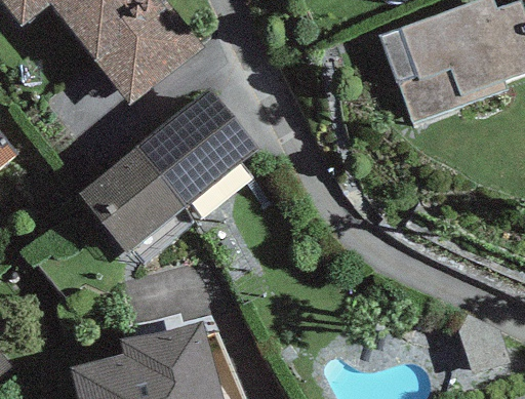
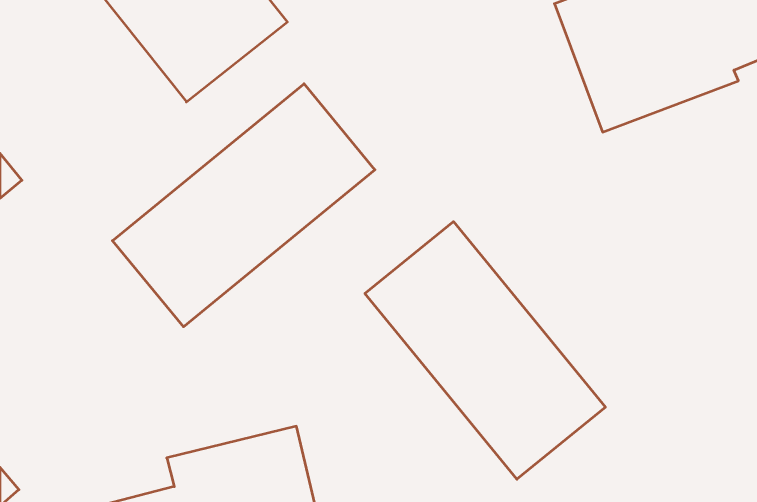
building: none -> [365,222,605,479]

